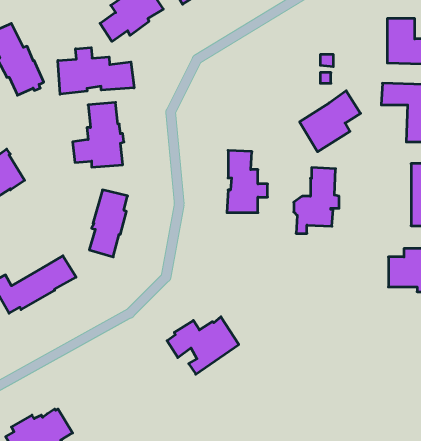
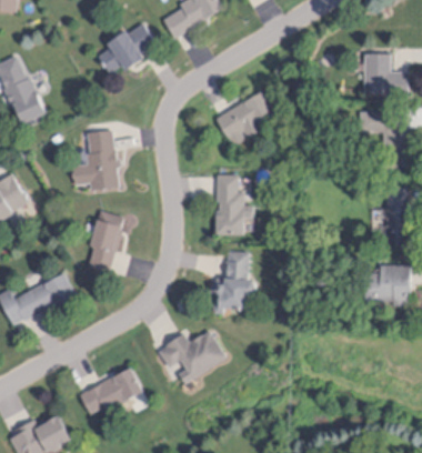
building: [58,48,134,94] -> none
building: [300,91,361,152] -> [217,90,273,147]
building: [294,168,339,233] -> [211,251,253,312]
building: none -> [80,365,144,413]

